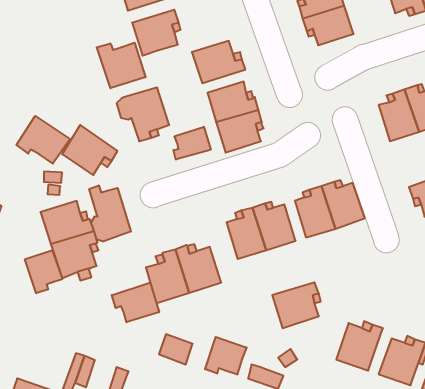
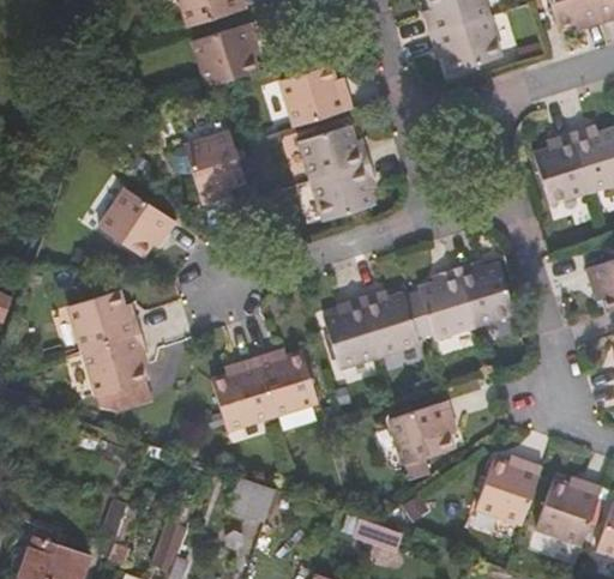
building: [97,43,146,88] -> none
building: [16,116,70,164] -> none
building: [173,127,211,160] -> none
building: [89,185,131,242] -> none
building: [25,250,62,293] -> none
building: [112,283,159,322] -> none
building: [205,337,247,375] -> none

